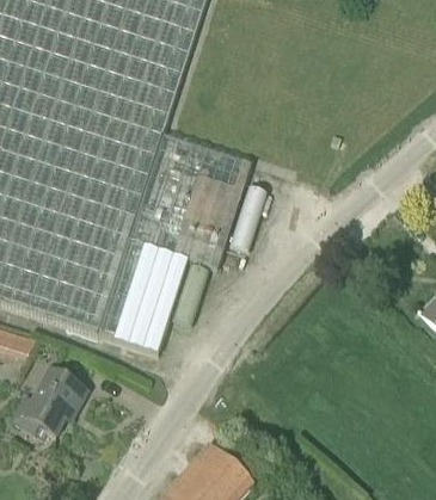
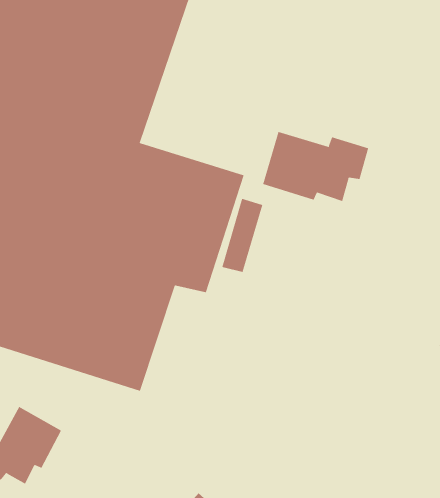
building: none -> [263,131,369,202]

